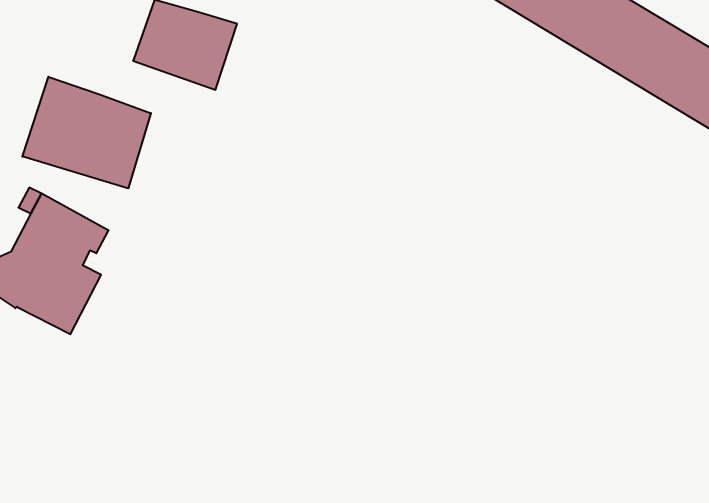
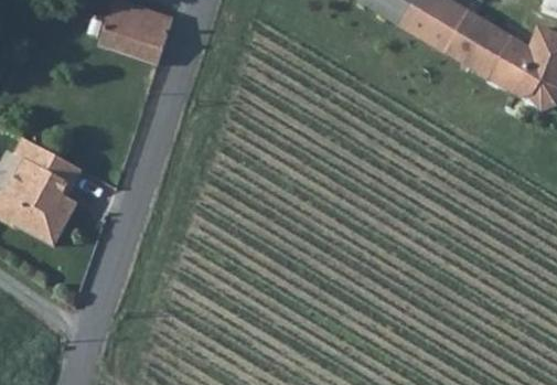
building: [22,77,151,188] -> none

